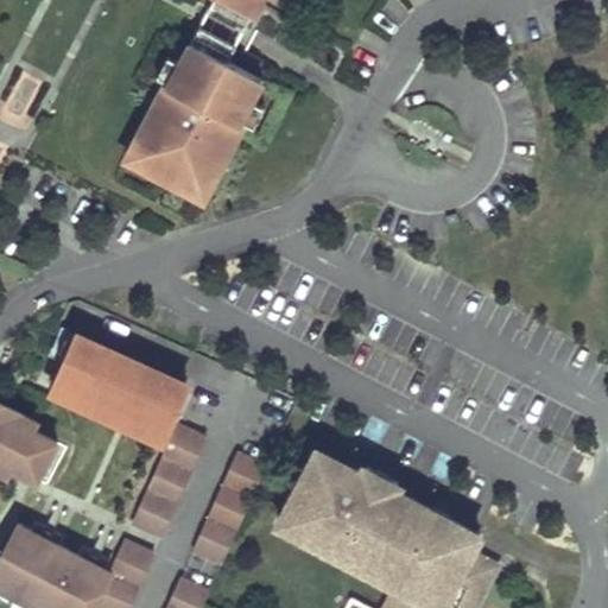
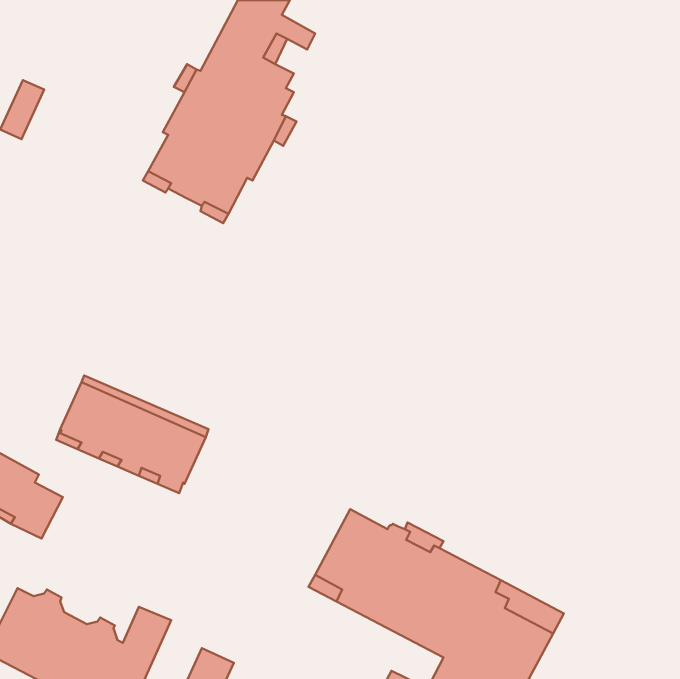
building: [132,425,203,538] -> none
building: [192,454,265,565] -> none

